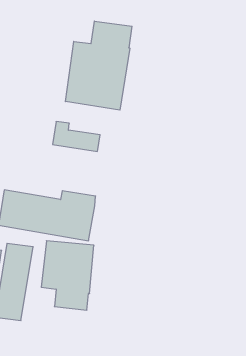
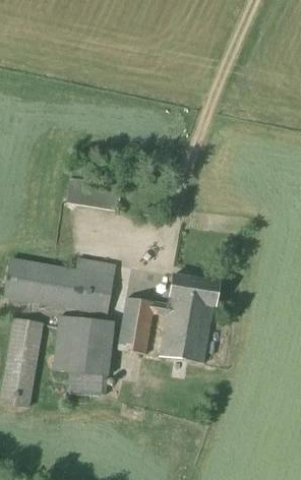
building: [65,21,132,110] -> none
building: none -> [117,275,219,364]

